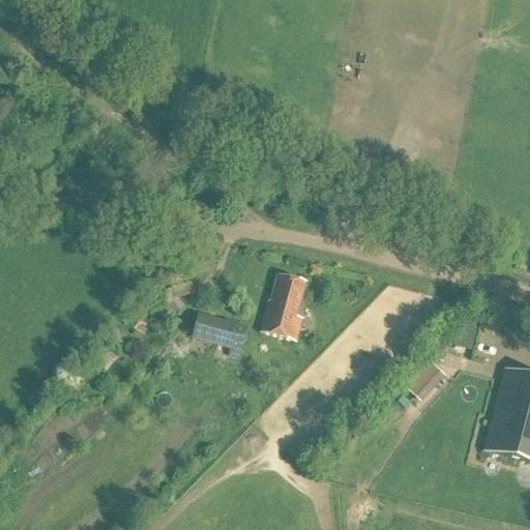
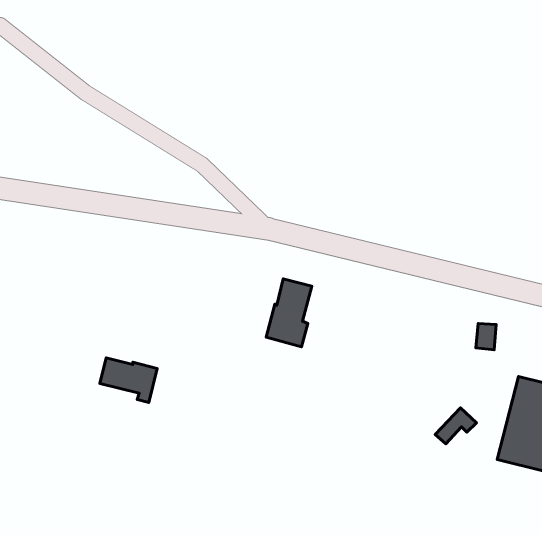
building: [194,312,249,355] -> [100,358,157,403]
building: [407,359,447,394] -> [435,408,477,444]

